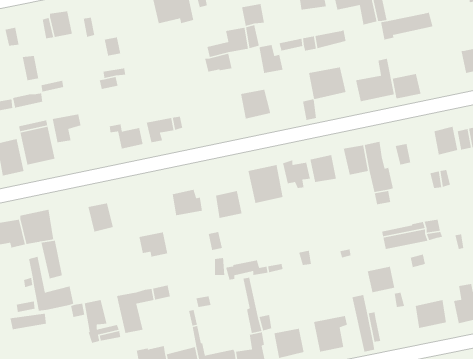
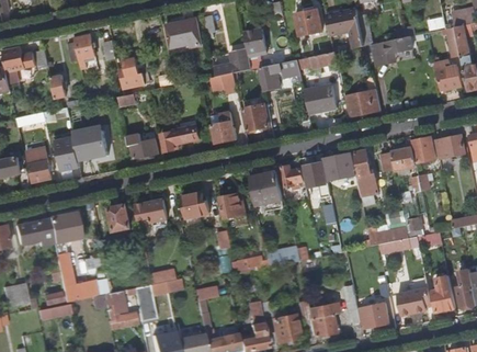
building: [392,73,422,99] -> [391,147,418,170]
building: none -> [211,113,237,143]
building: [139,232,168,258] -> [141,198,168,222]
building: [367,266,395,293] -> [364,303,389,327]

